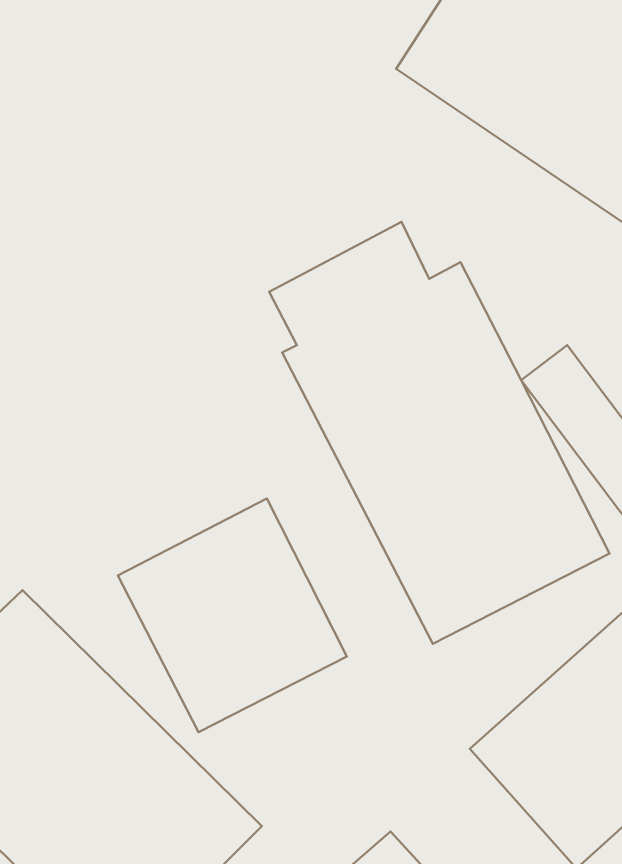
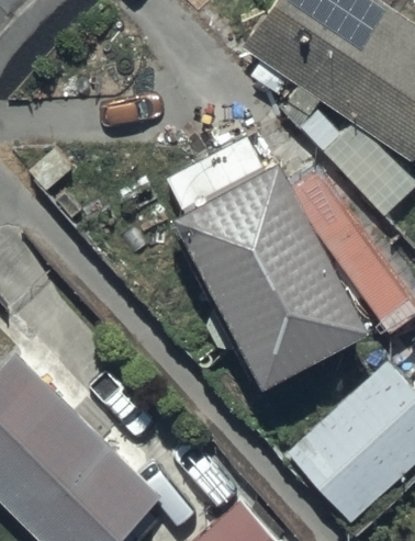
building: [118,498,347,732] -> none

